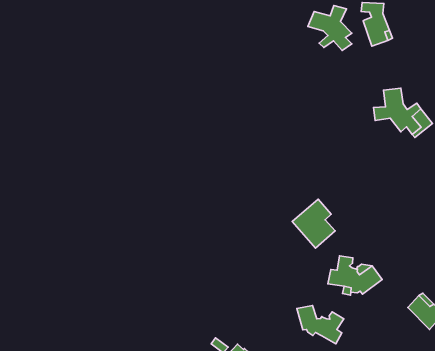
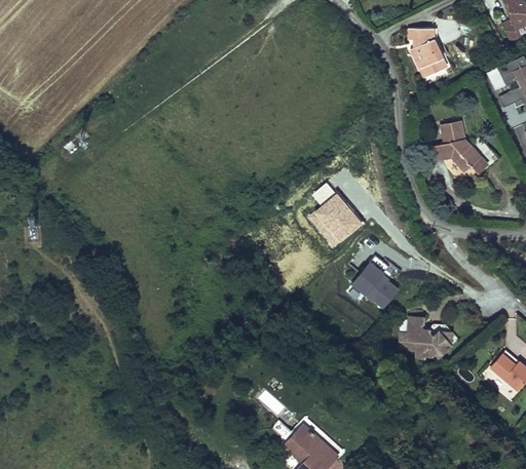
building: [308,5,352,51] -> none
building: none -> [306,182,363,248]
building: [297,306,344,344] -> none

